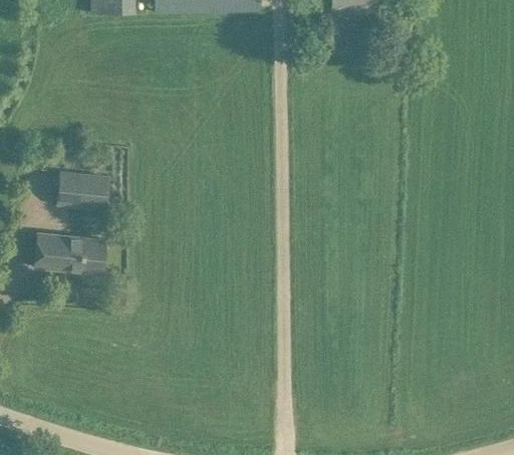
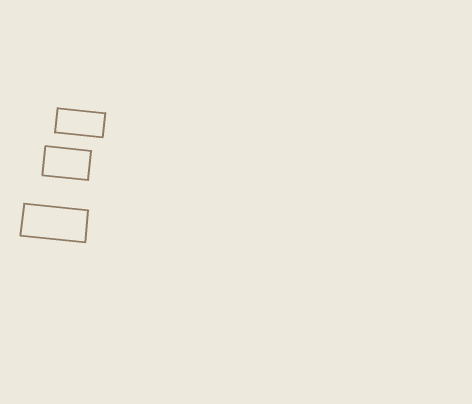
building: none -> [55,108,105,137]

